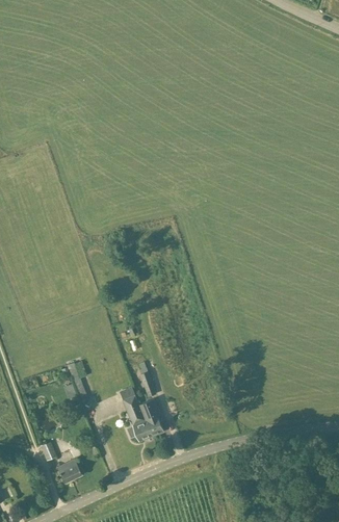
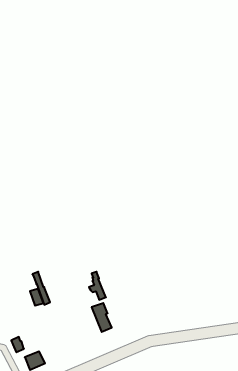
building: [123,395,152,441] -> none

